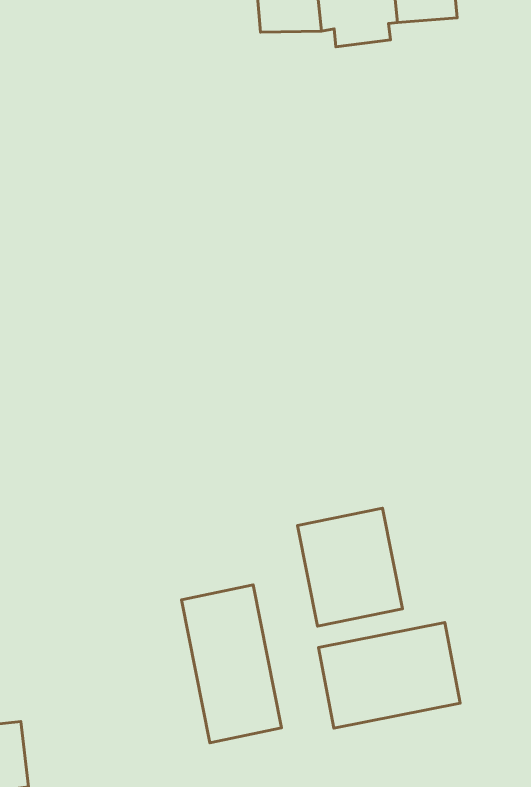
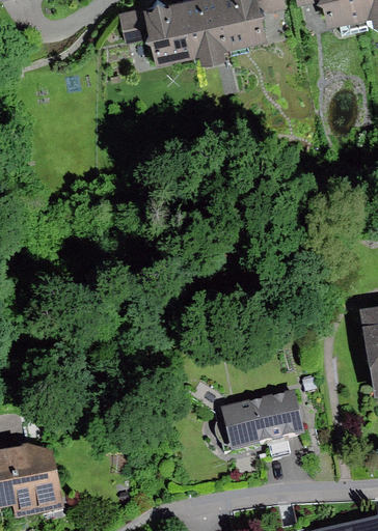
building: [297,508,402,626] -> none
building: [181,585,281,743] -> none

